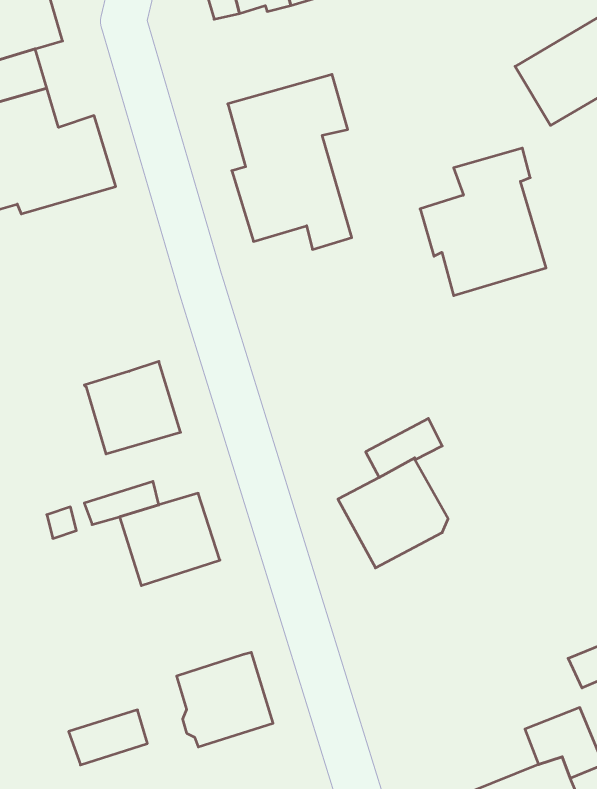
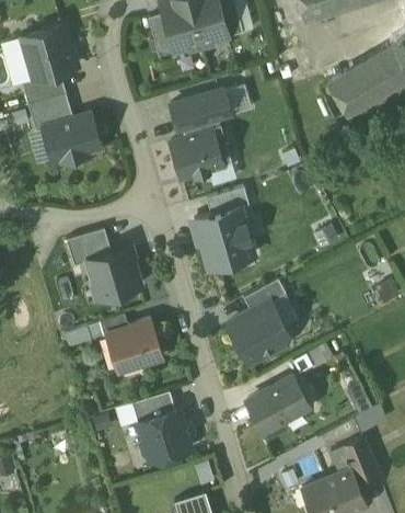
building: [420,148,546,296] -> [187,190,257,272]
building: none -> [67,229,112,266]
building: none -> [247,377,308,440]
building: [69,710,147,765] -> [131,392,175,423]

